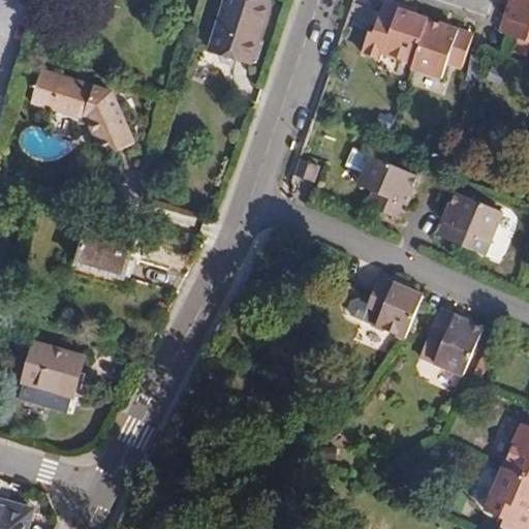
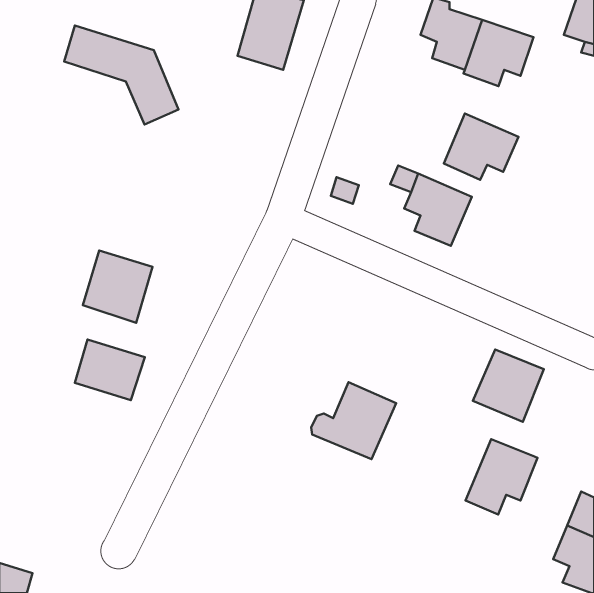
building: [30,68,131,156] -> [64,26,178,125]
building: [437,189,503,248] -> [444,113,518,180]
building: [351,273,427,341] -> [311,382,396,459]
building: [22,343,84,397] -> [75,340,145,400]
building: none -> [466,439,537,515]

